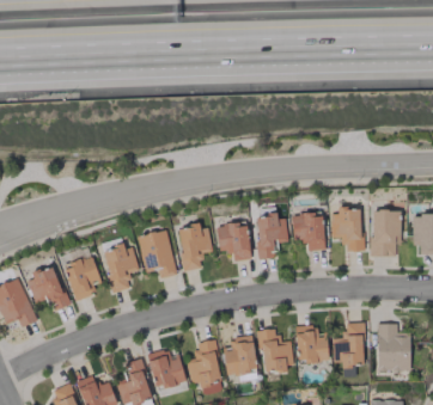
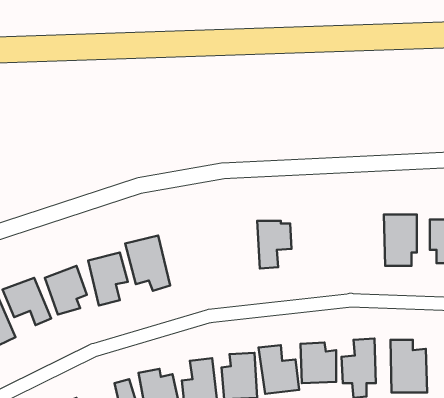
building: [330,209,362,252] -> none
building: [292,214,324,251] -> none
building: [216,222,251,262] -> none
building: [178,225,212,271] -> none

